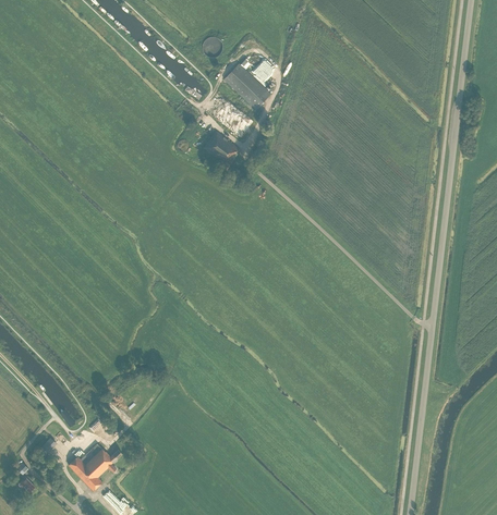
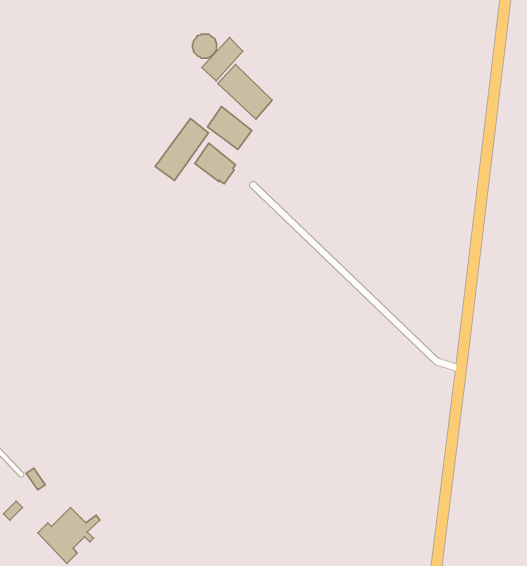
building: none -> [202,38,243,81]
building: none -> [155,118,209,181]

